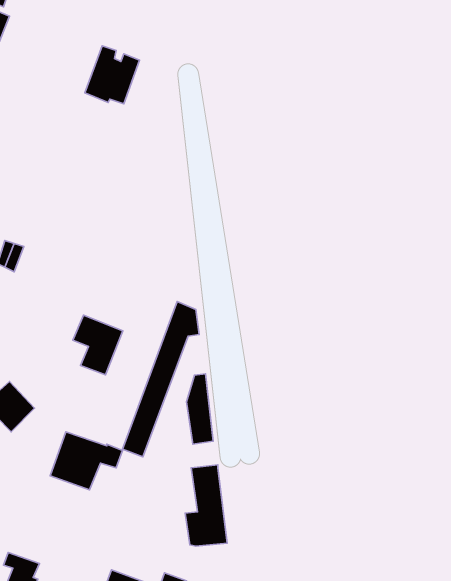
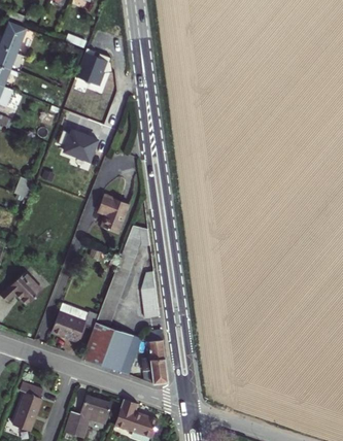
building: none -> [59,131,99,164]
building: [73,315,123,375] -> [95,192,128,231]
building: none -> [85,317,138,370]

